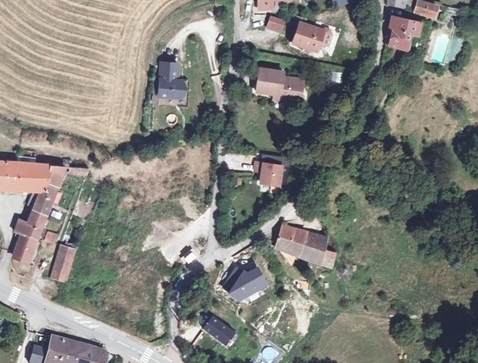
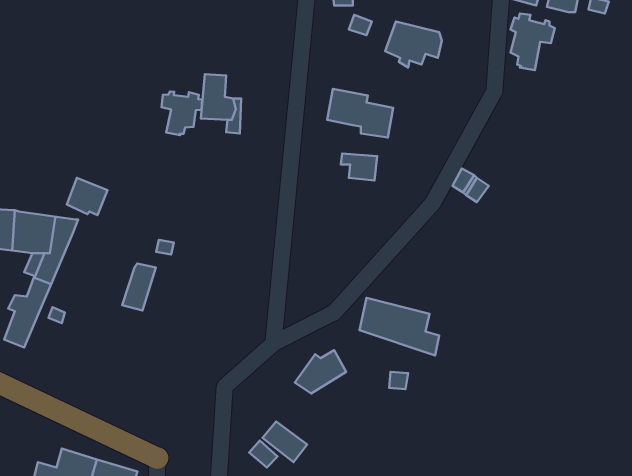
building: none -> [161,91,202,135]
building: none -> [67,178,107,215]
building: [253,161,280,181] -> [341,154,377,181]
building: [52,243,77,278] -> [122,263,156,311]

